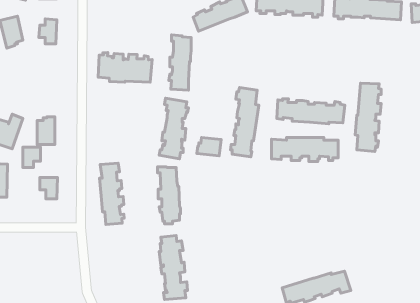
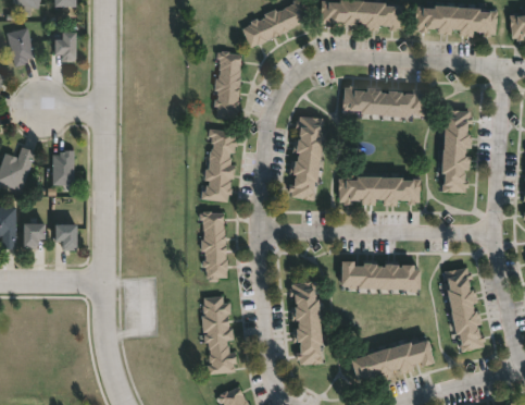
building: [98,52,152,82] -> none
building: [277,99,345,124] -> [342,85,425,115]
building: [197,137,221,156] -> none
building: [23,147,41,168] -> [24,223,46,248]
building: [100,163,124,224] -> none
building: none -> [340,260,421,292]
building: none -> [443,267,485,351]
building: none -> [291,281,322,365]

